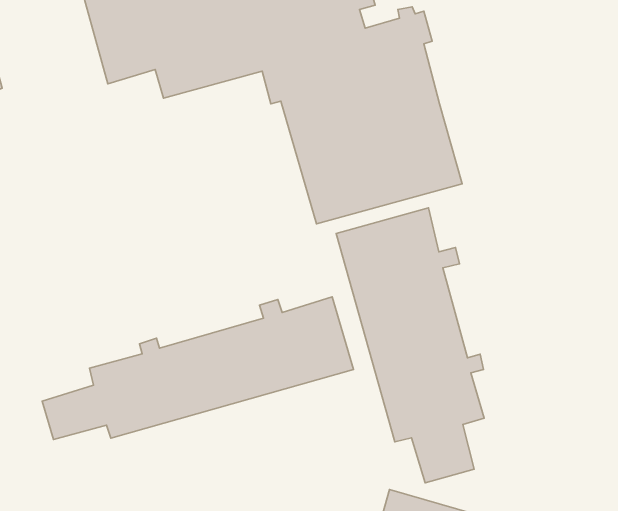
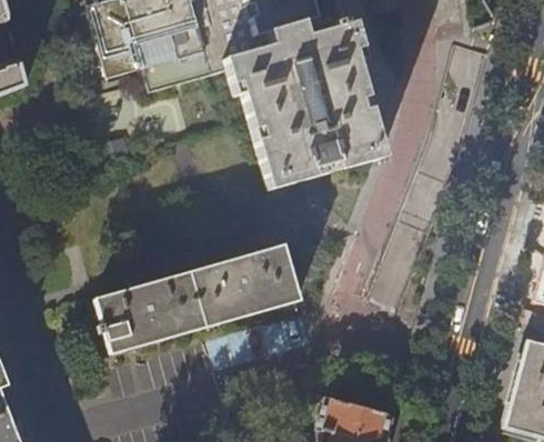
building: [336,208,484,483] -> none

